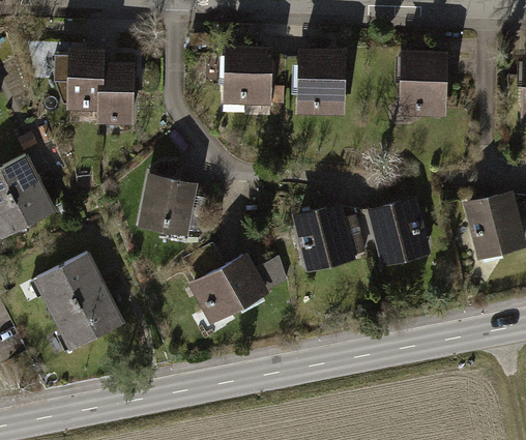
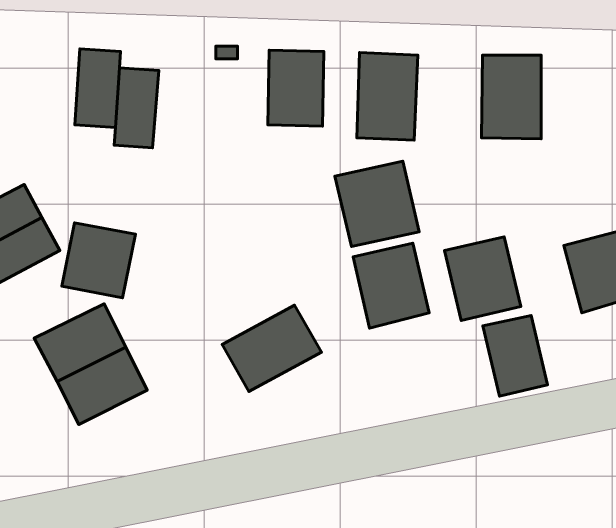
building: none -> [335,161,419,247]
building: [136,175,196,236] -> [62,223,135,298]
building: none -> [483,316,547,396]

